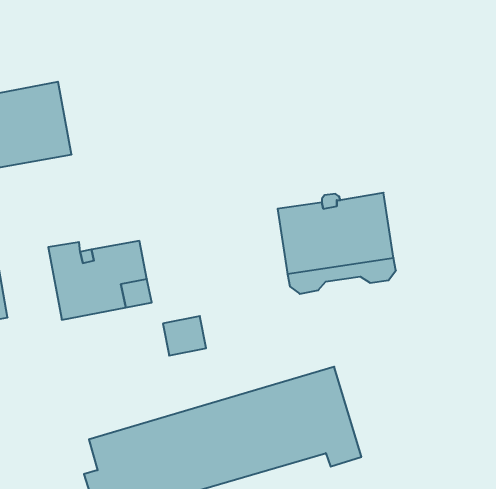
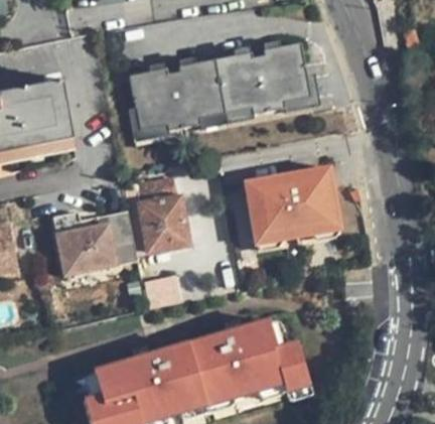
building: none -> [131,44,311,132]
building: none -> [126,176,188,253]

